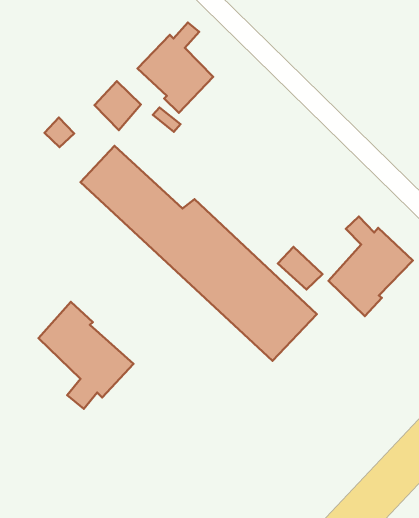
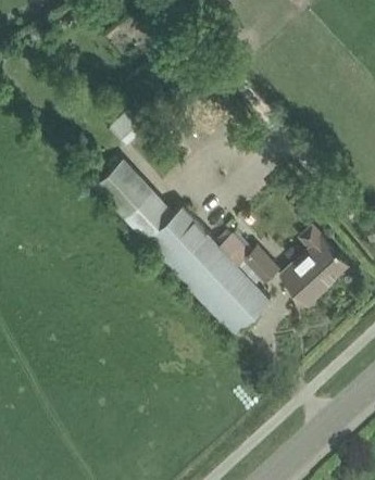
building: [137,22,213,113] -> none
building: [38,302,133,409] -> none

